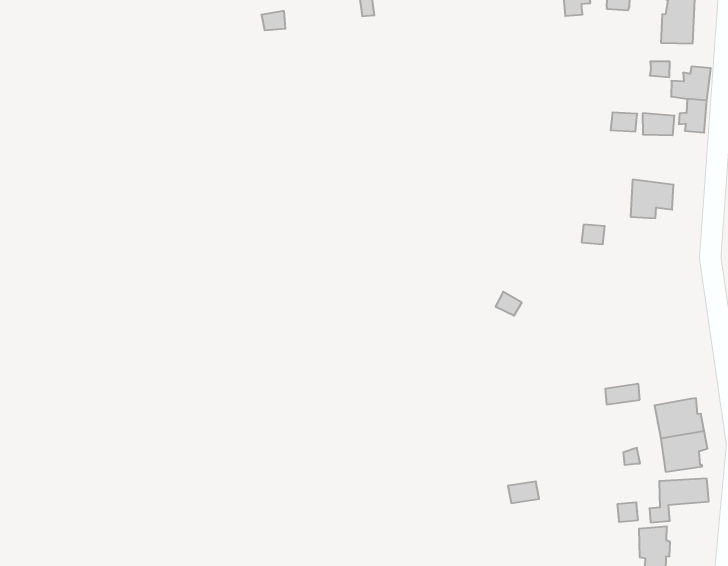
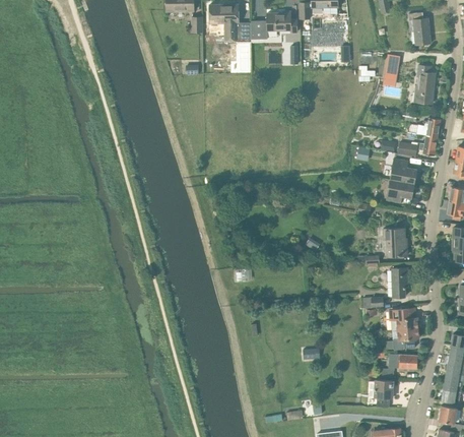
building: none -> [390,159,416,184]
building: none -> [384,229,407,256]
building: none -> [391,267,408,297]

